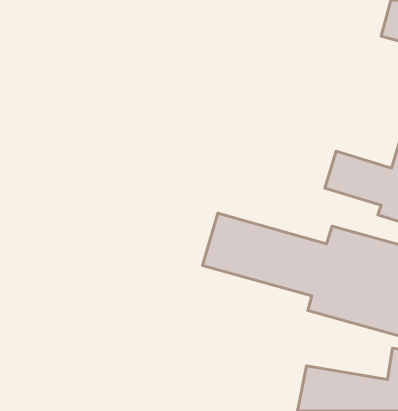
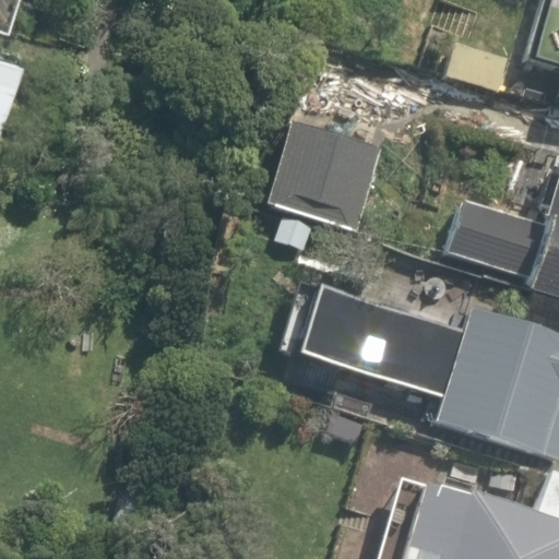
building: none -> [260,108,391,228]

